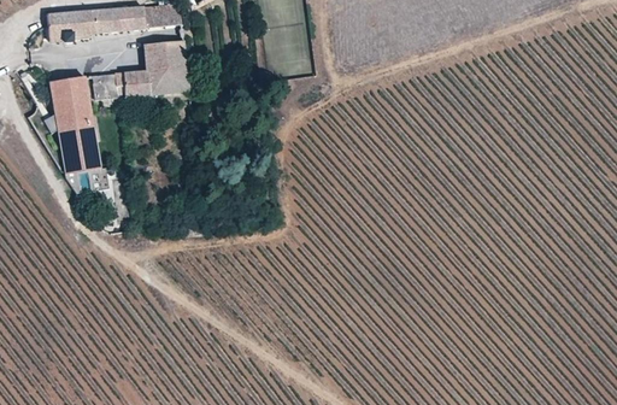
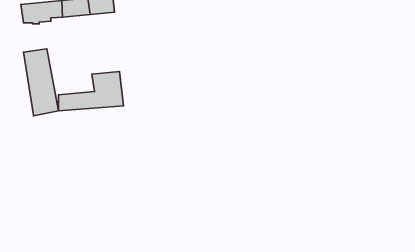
building: [94,42,188,99] -> [58,72,124,111]

